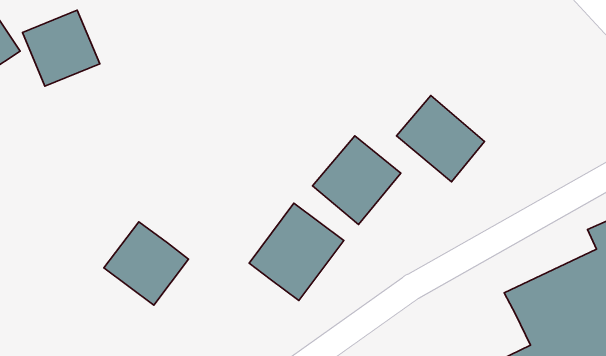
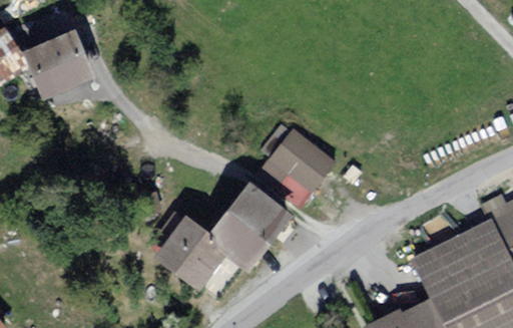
building: [396,95,485,182] -> none
building: [104,222,189,305] -> [158,216,226,283]

